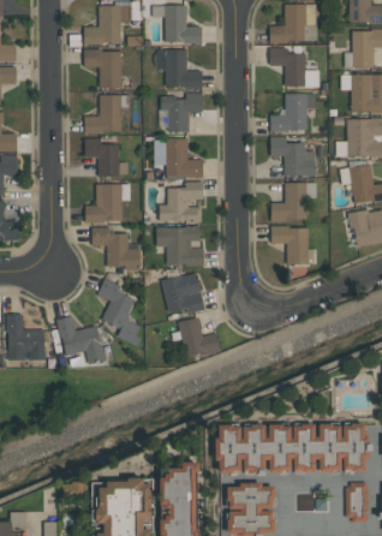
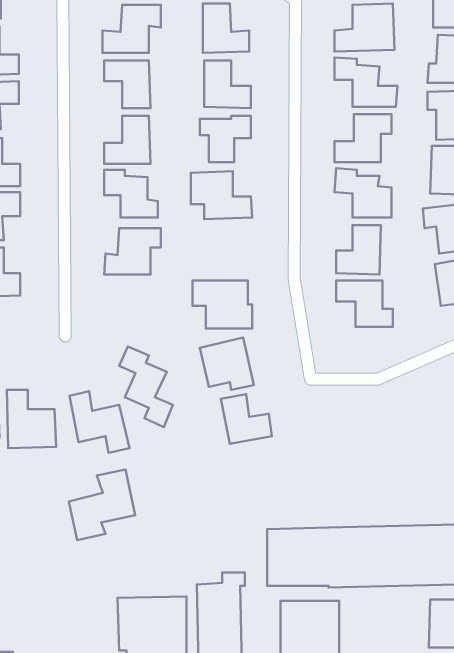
building: [160,180,204,222] -> none
building: [92,226,141,268] -> none
building: none -> [69,469,135,540]

